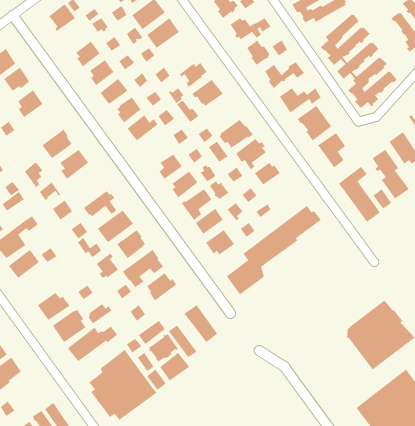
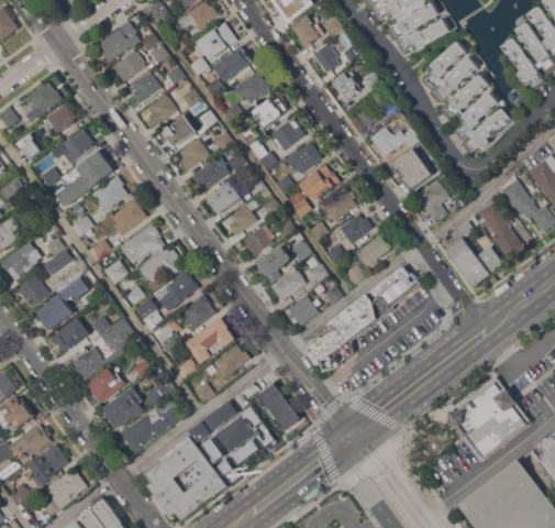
building: none -> [113,52,145,82]
building: none -> [233,72,270,103]
building: none -> [285,141,322,174]
building: none -> [57,152,114,208]
building: none -> [207,182,242,215]
building: none -> [120,223,165,263]
building: none -> [355,235,389,270]
building: none -> [70,319,138,381]
building: none -> [55,470,87,501]

